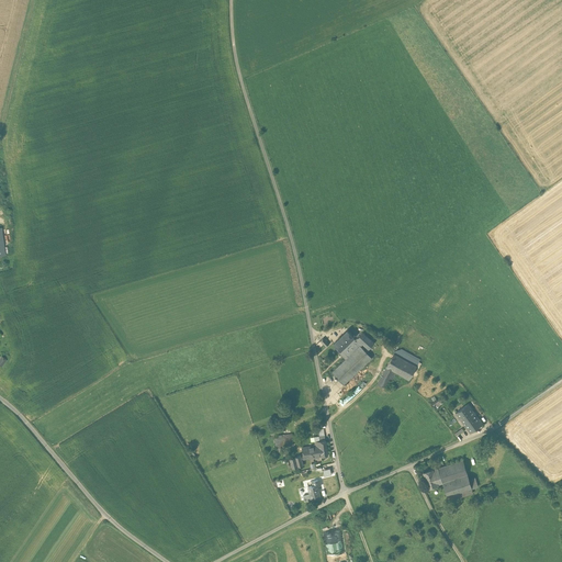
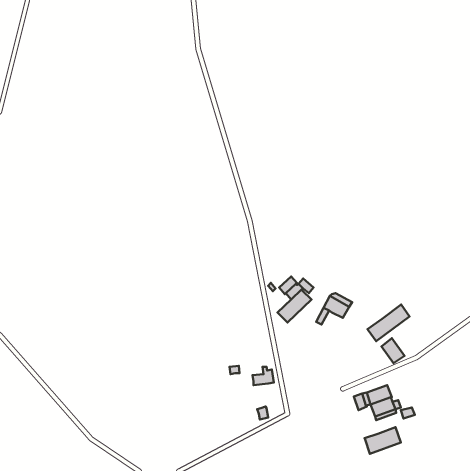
building: none -> [368,304,410,341]
building: none -> [365,427,401,454]

